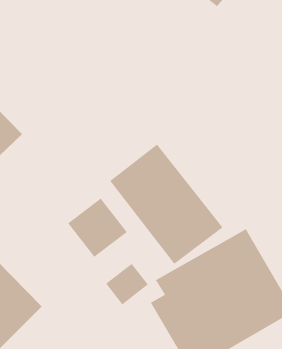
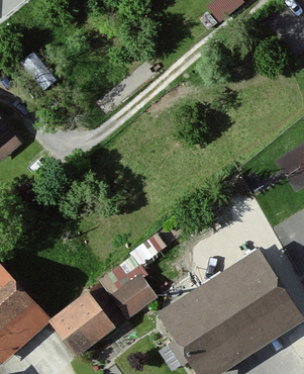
building: [109,143,223,265] -> none
building: [67,197,128,258] -> [54,288,115,350]

